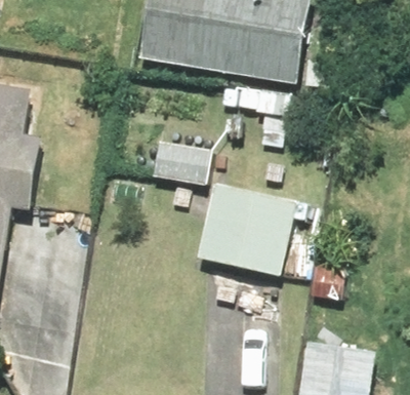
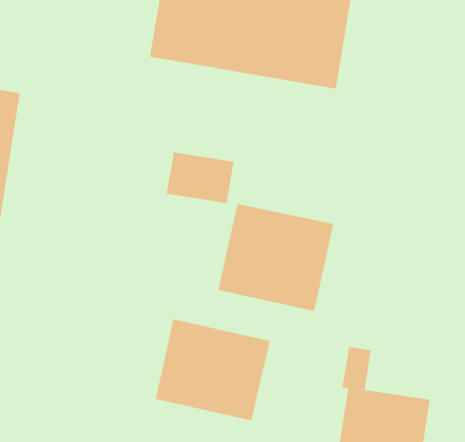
building: none -> [155,318,271,421]

